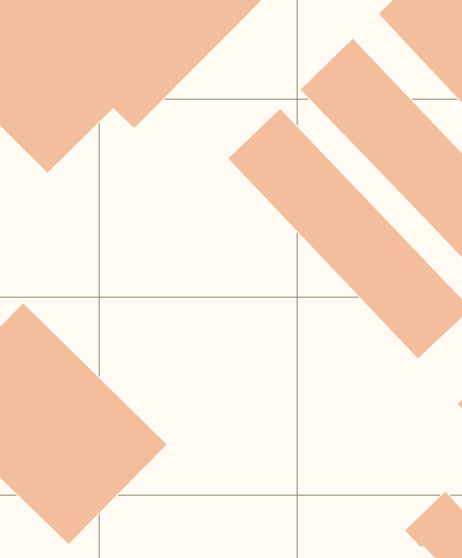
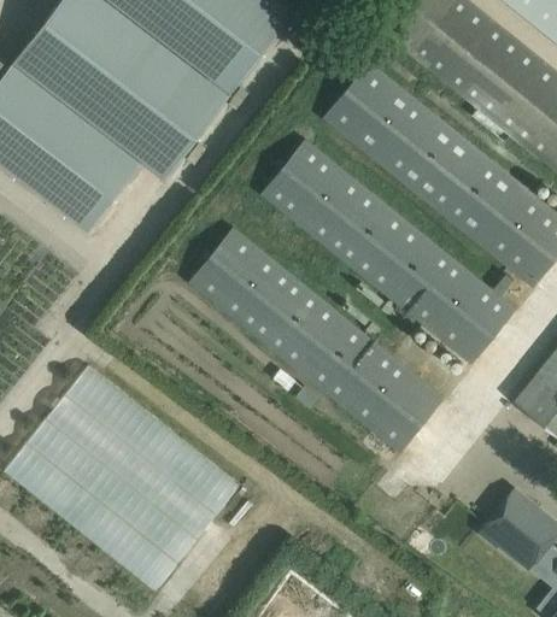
building: none -> [189,228,445,454]

